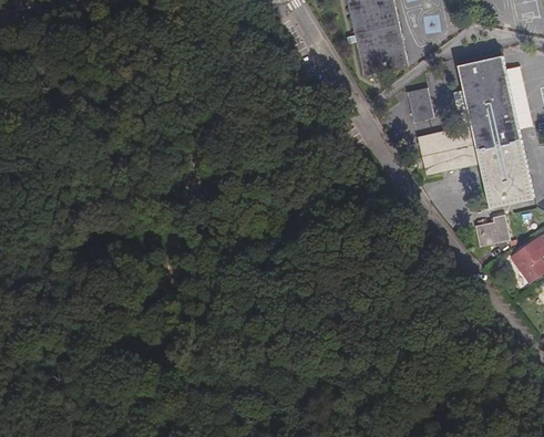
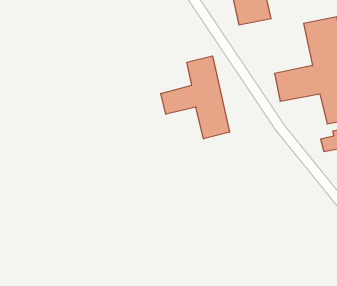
building: [406,92,431,123] -> none
building: none -> [161,56,230,139]

